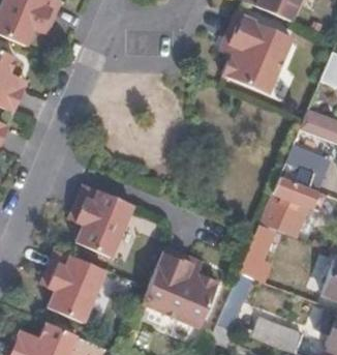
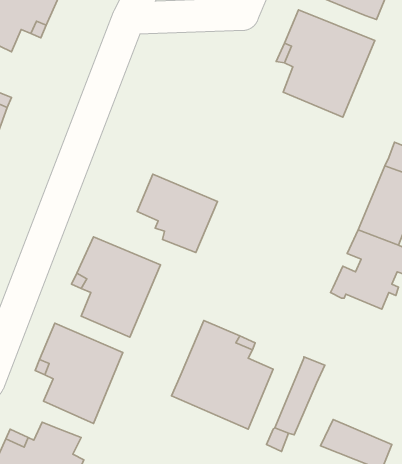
building: none -> [137,174,218,252]
building: [240,224,281,280] -> none

